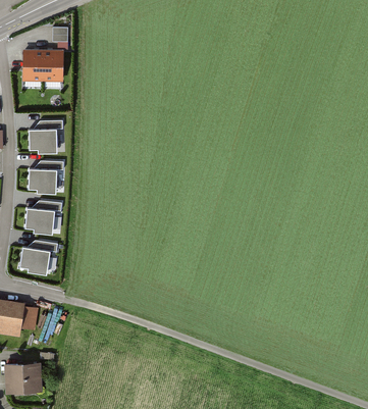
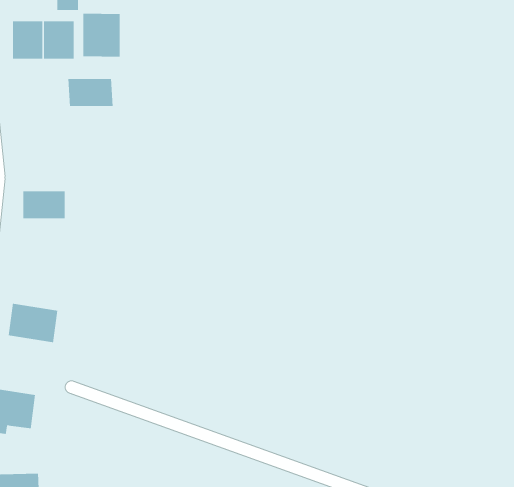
building: none -> [83,13,120,58]
building: [28,129,59,148] -> [68,78,113,107]
building: [24,207,58,231] -> none

